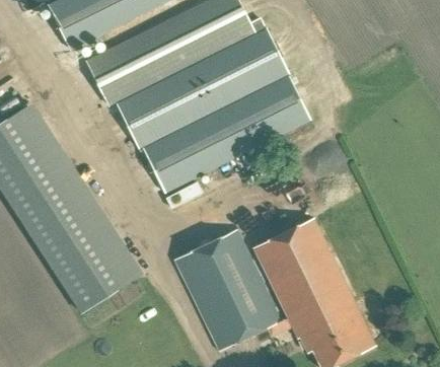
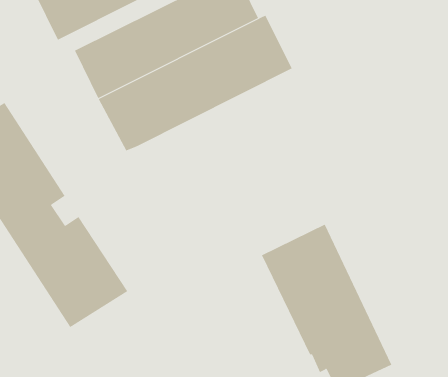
building: [143,74,311,192] -> none
building: [175,227,282,349] -> none

